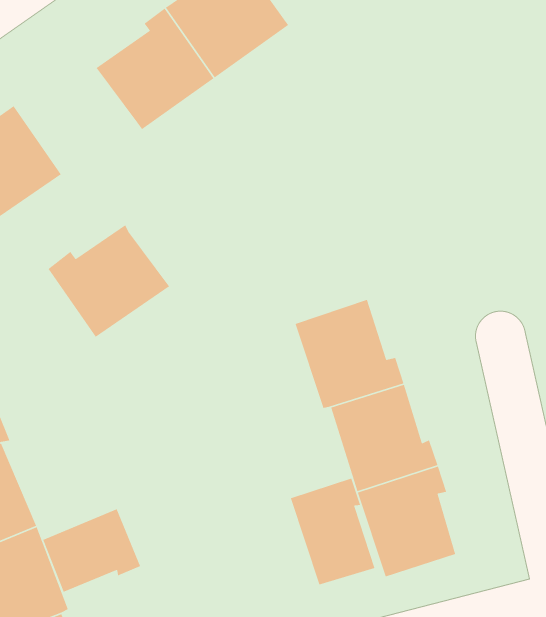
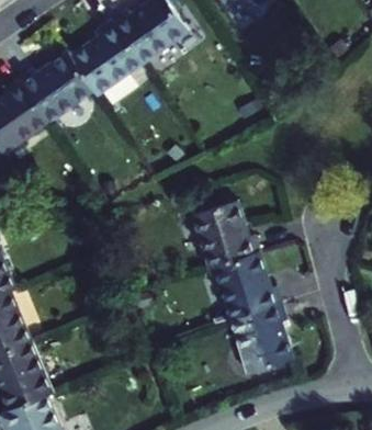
building: [47,224,170,338] -> [18,55,93,125]
building: [290,478,376,586] -> none
building: [42,508,141,593] -> none

